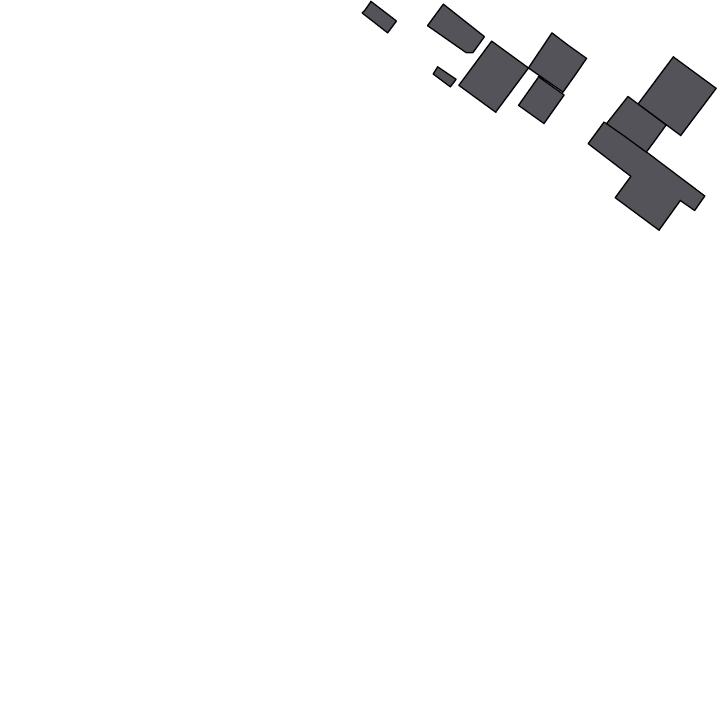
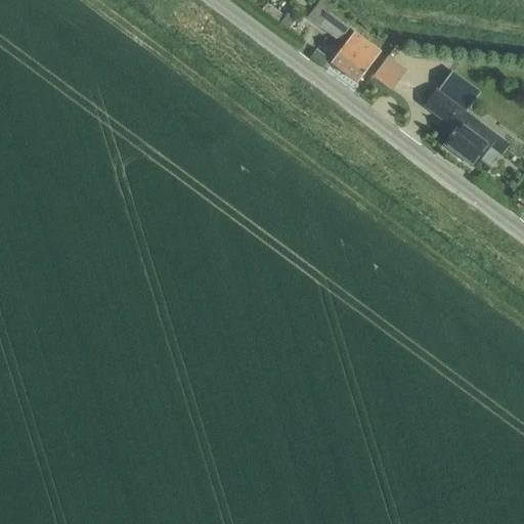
building: [529,33,587,92] -> none
building: [638,57,716,136] -> none

